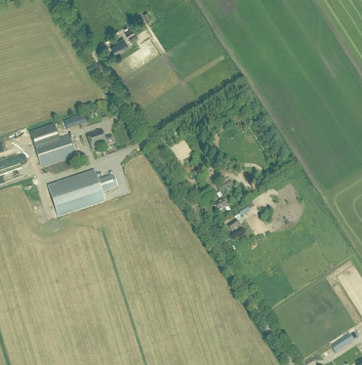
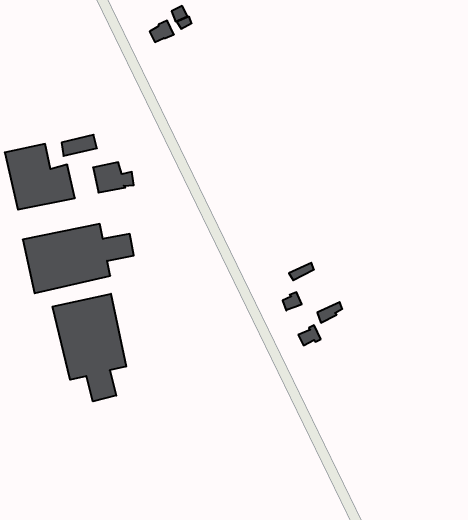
building: none -> [53,294,126,401]

